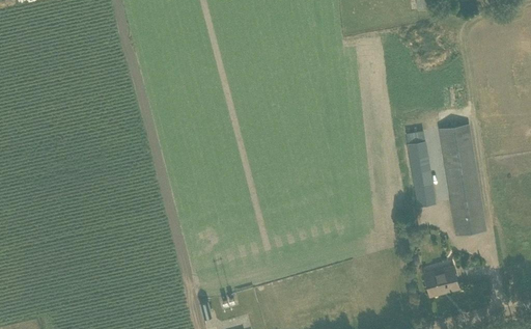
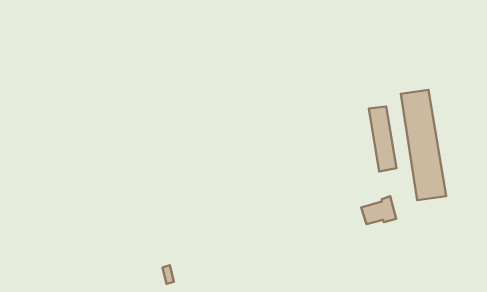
building: [423,262,458,290] -> [361,196,396,224]

